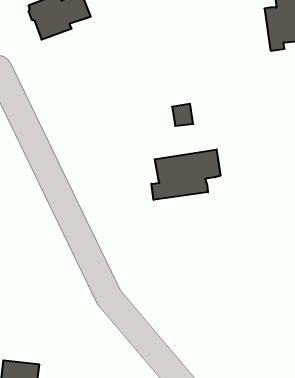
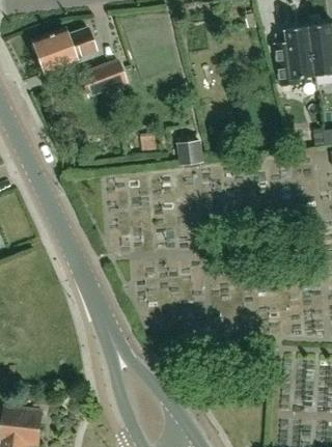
building: none -> [80,60,125,95]
building: [151,149,220,200] -> none

